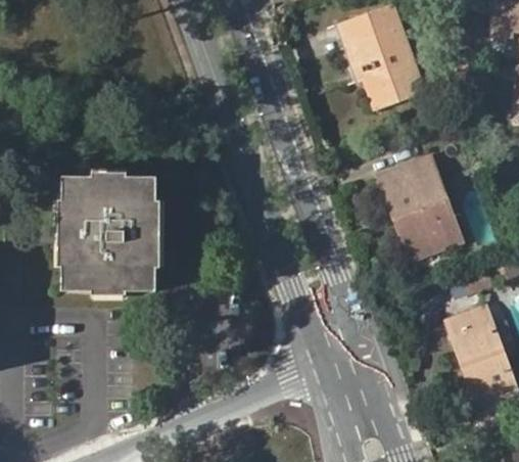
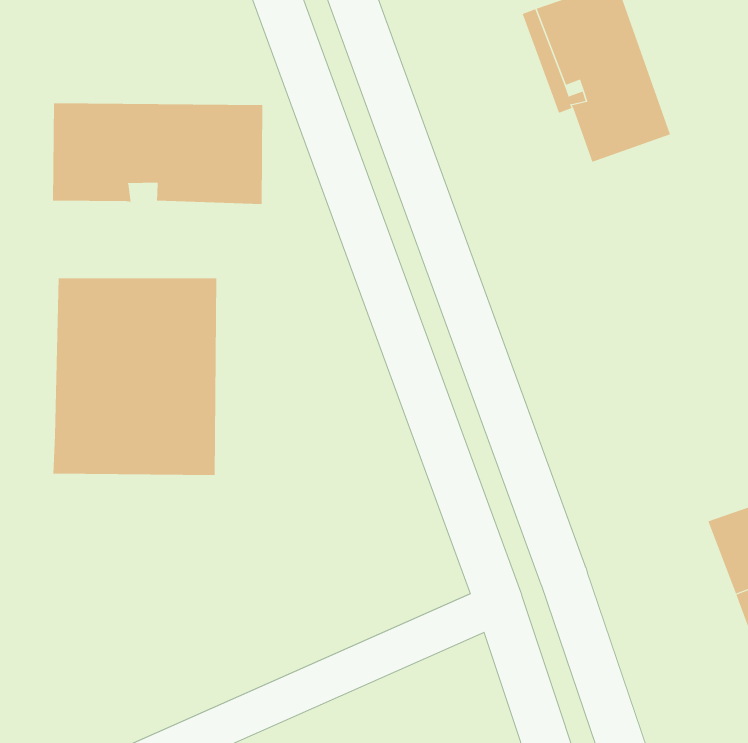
building: none -> [52,103,263,205]
building: [384,155,459,257] -> none

